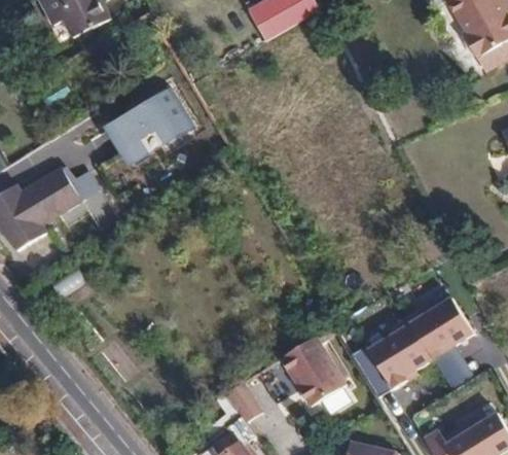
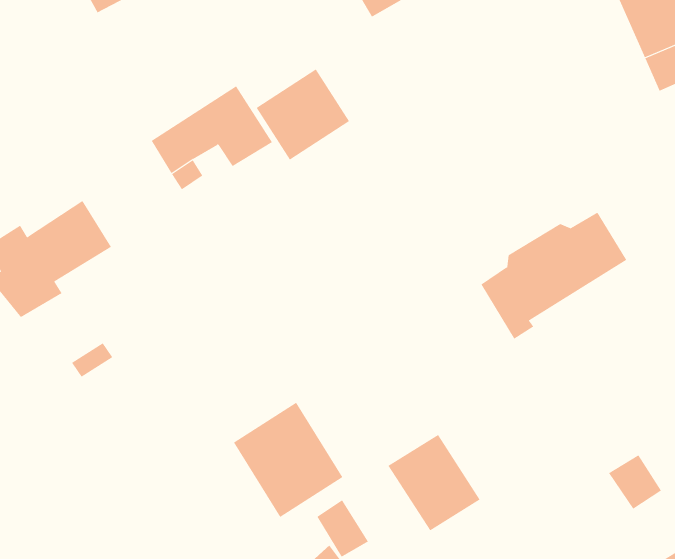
building: none -> [256,69,350,161]
building: [368,295,472,386] -> [480,212,627,340]
building: none -> [233,402,343,518]

